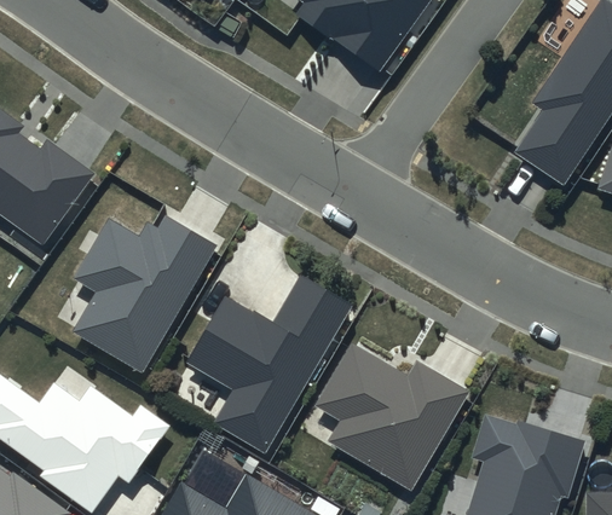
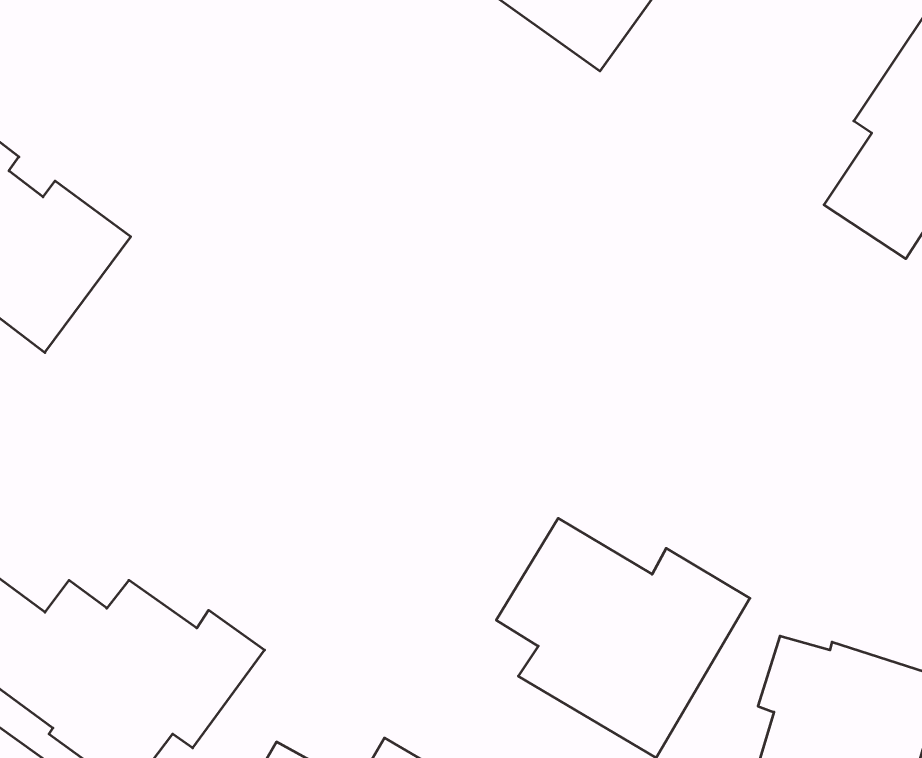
building: [73,214,216,371] -> none
building: [186,276,351,453] -> none

